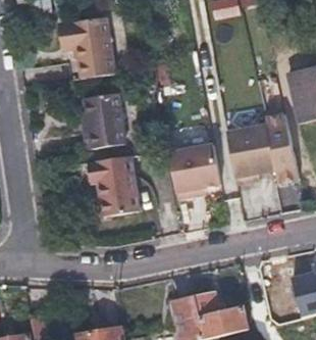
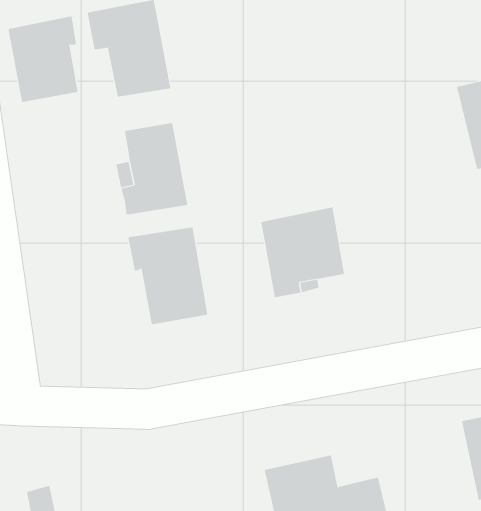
building: none -> [8,15,78,103]
building: [227,113,299,184] -> none

